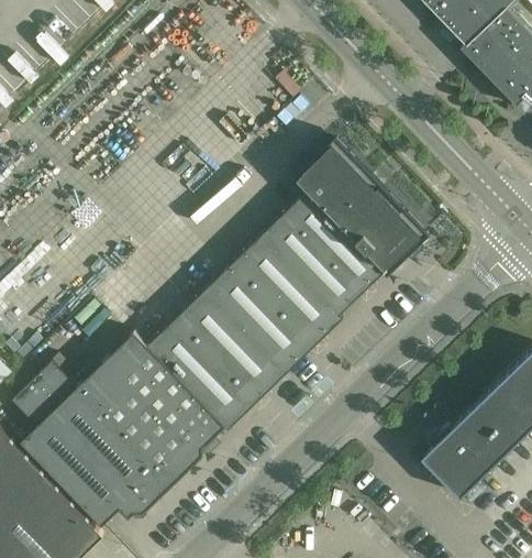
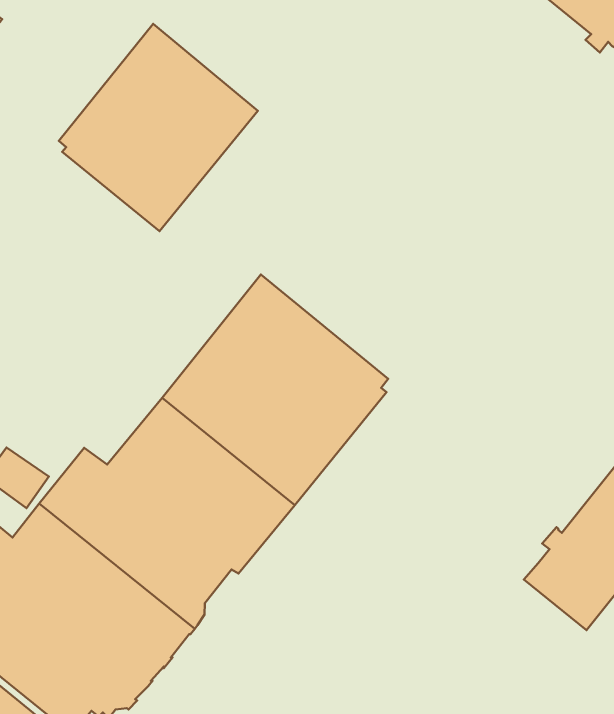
building: none -> [59,24,258,231]
building: [266,142,424,310] -> none

